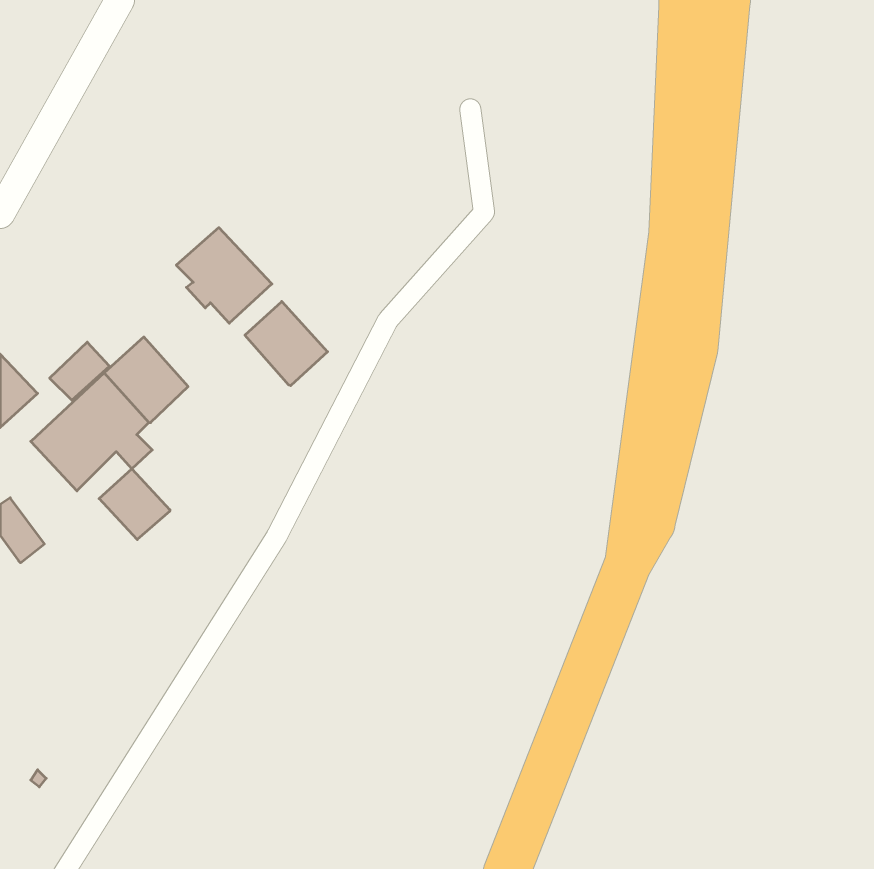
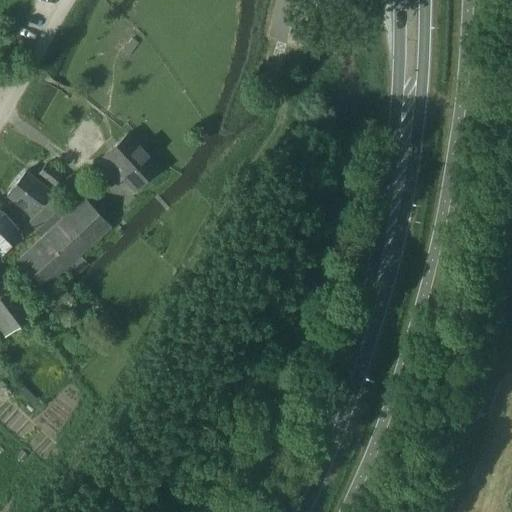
building: none -> [7,166,62,215]
building: [245,301,328,386] -> none
building: [99,469,170,540] -> none

